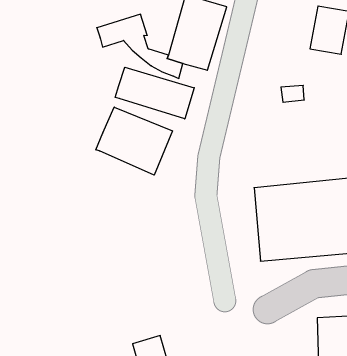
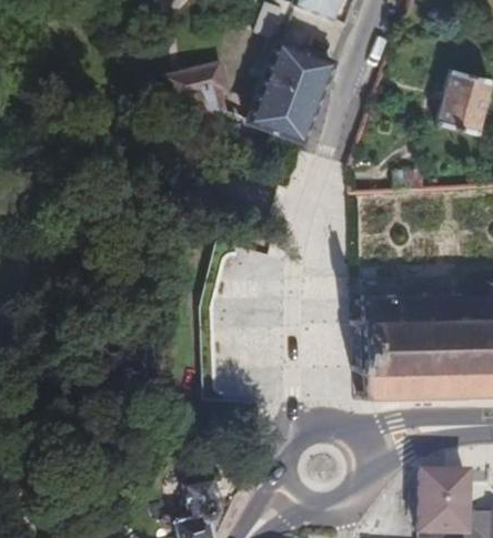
building: [115,67,194,119] -> none
building: [96,107,173,175] -> none

